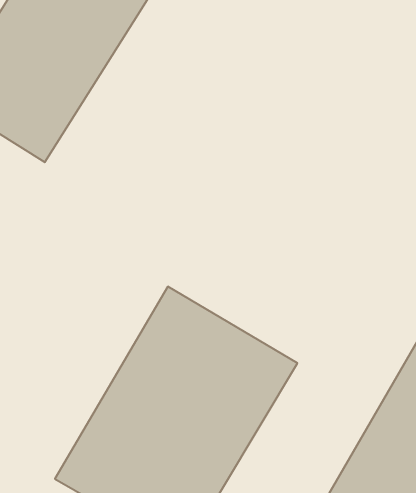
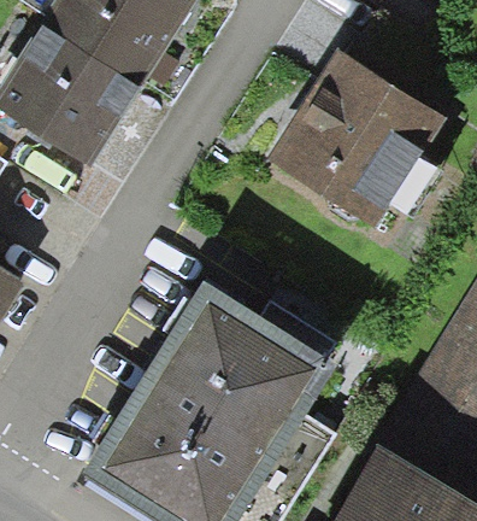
building: none -> [266,64,432,232]

